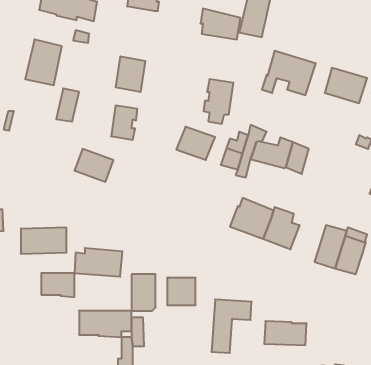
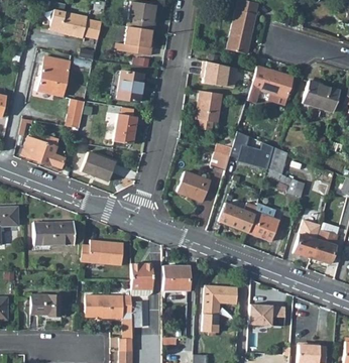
building: none -> [116,26,152,55]
building: [200,9,240,39] -> [203,60,238,88]
building: [176,127,215,160] -> [178,171,212,201]
building: none -> [22,135,66,167]
building: none -> [266,168,306,197]
building: [41,273,74,297] -> [32,294,62,316]

